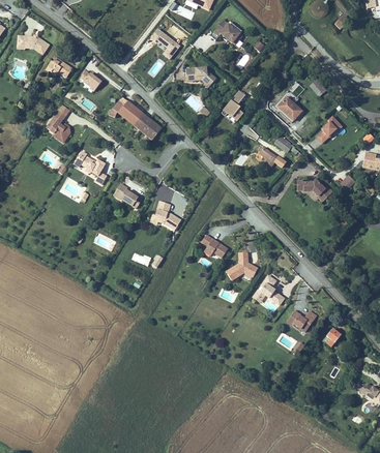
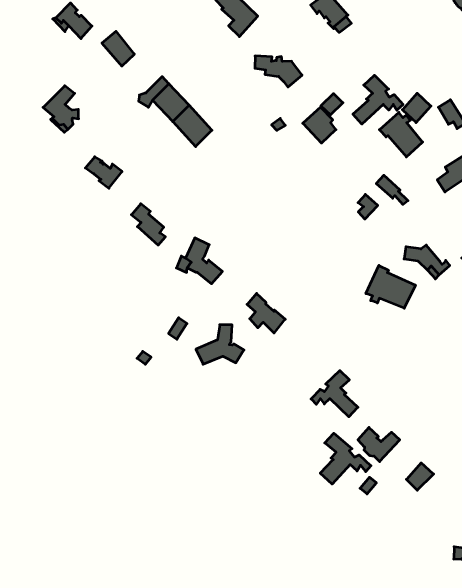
building: none -> [353,75,403,124]
building: none -> [366,265,415,308]
building: [226,249,258,278] -> [196,325,244,364]
building: none -> [320,433,371,484]

